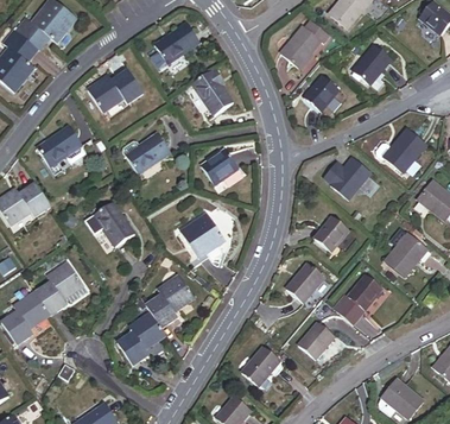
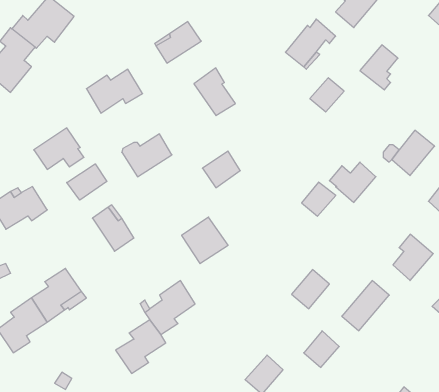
building: none -> [67,164,107,200]
building: [316,217,349,251] -> [302,182,336,216]

